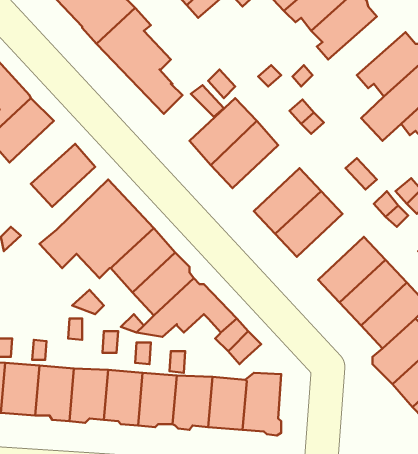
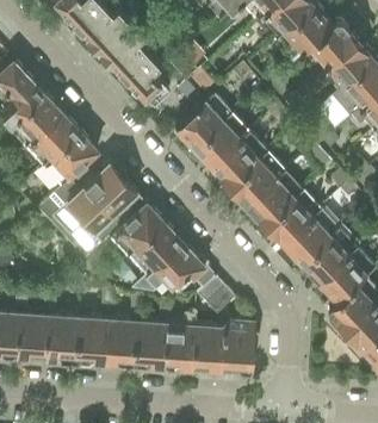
building: none -> [303,21,355,74]
building: none -> [25,112,80,164]
building: none -> [211,132,267,187]
building: none -> [265,189,321,244]

